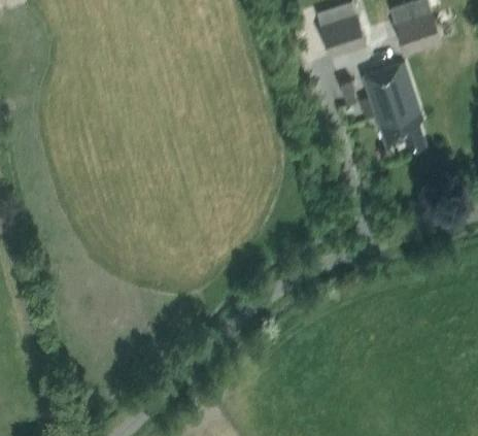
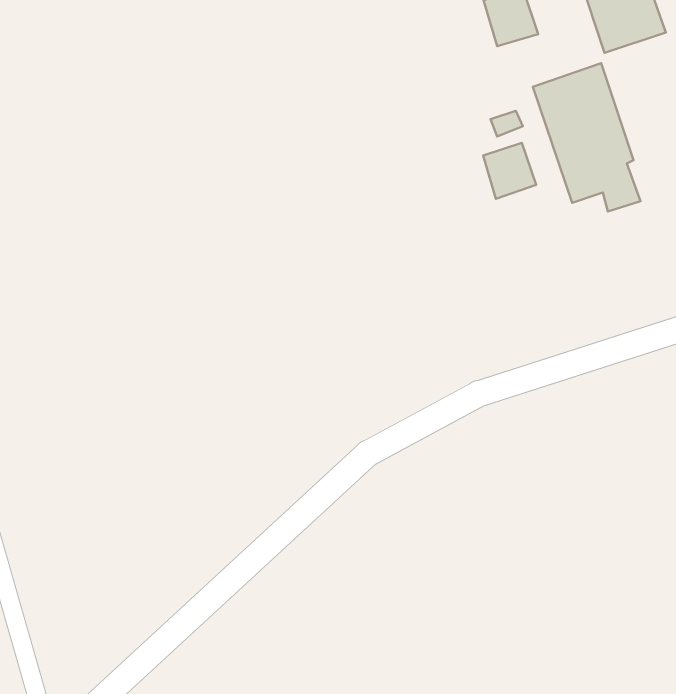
building: none -> [483,143,536,199]

